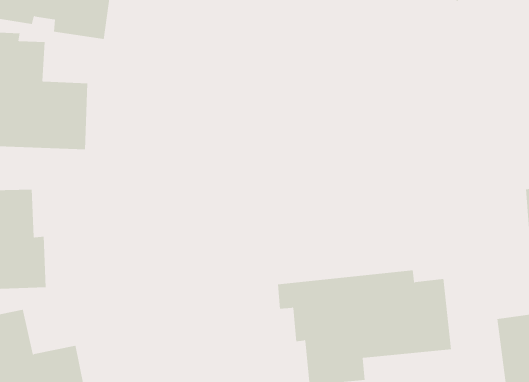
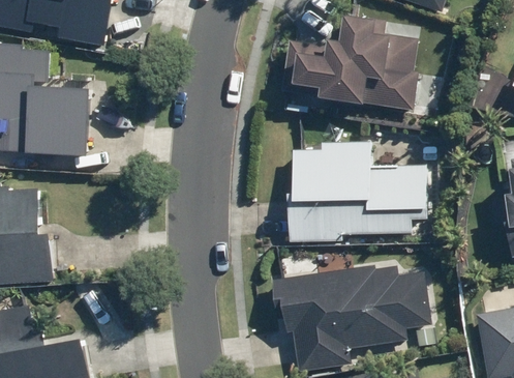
building: none -> [292,16,420,106]
building: none -> [286,143,426,242]

